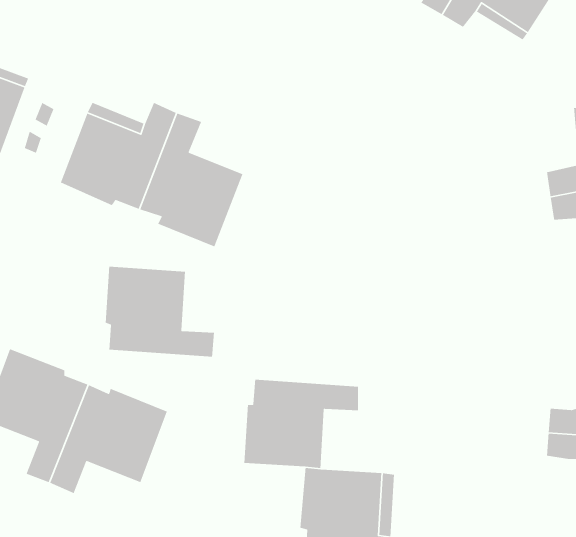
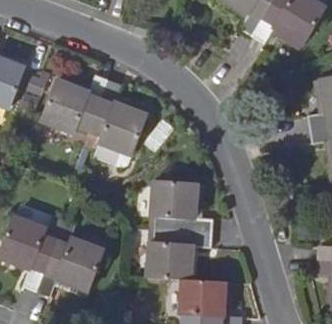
building: [105,266,215,358] -> [149,183,210,234]

